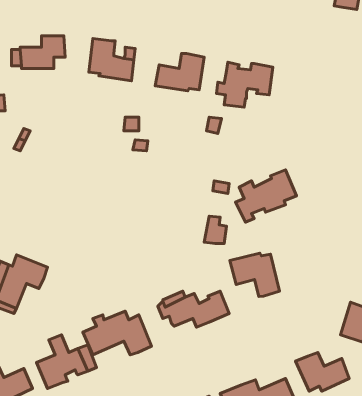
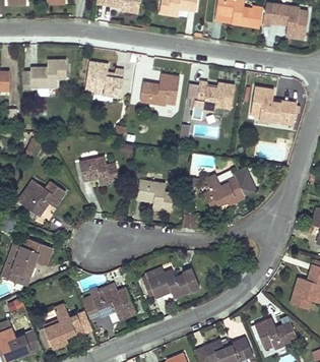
building: none -> [251,87,301,122]
building: none -> [78,157,118,184]
building: none -> [136,180,173,210]
building: none -> [22,181,65,216]
building: [230,253,280,296] -> none

